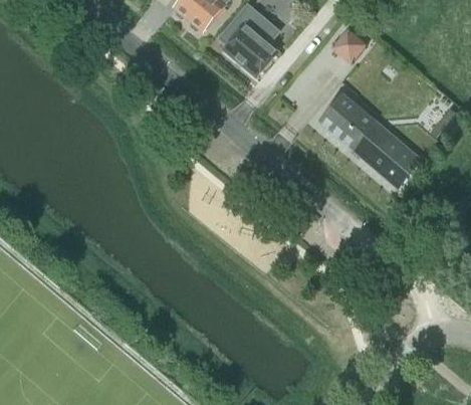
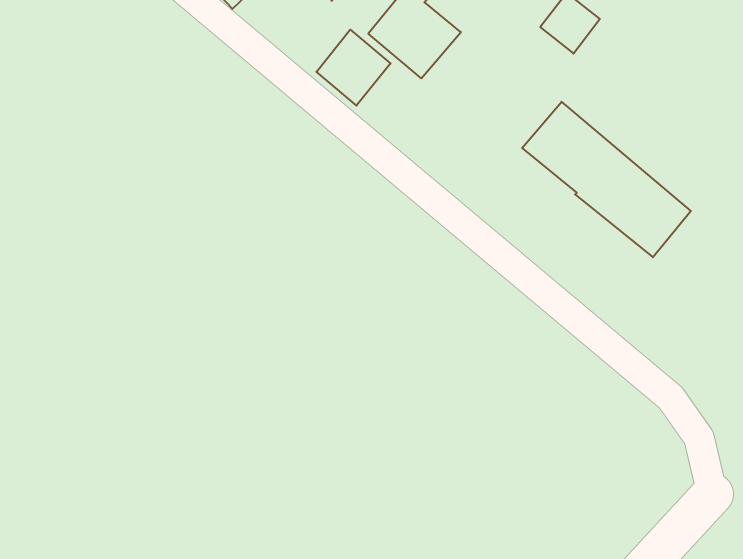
building: none -> [316,30,391,106]

